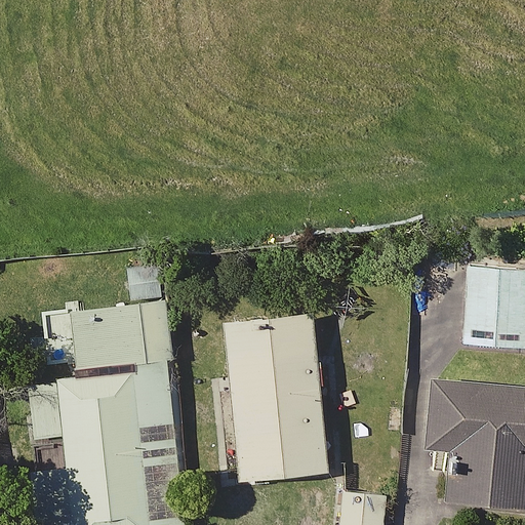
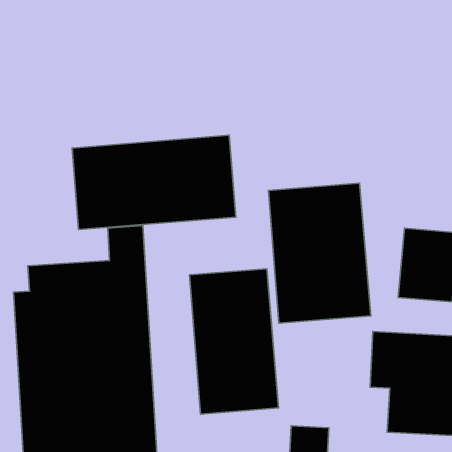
building: none -> [72,135,236,229]
building: none -> [269,183,371,323]

